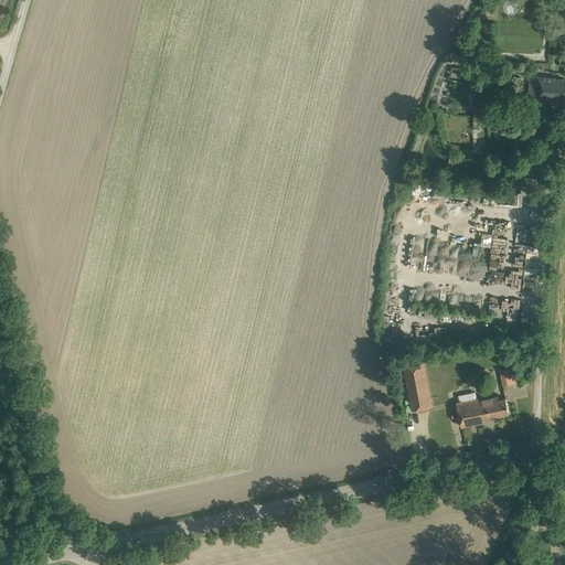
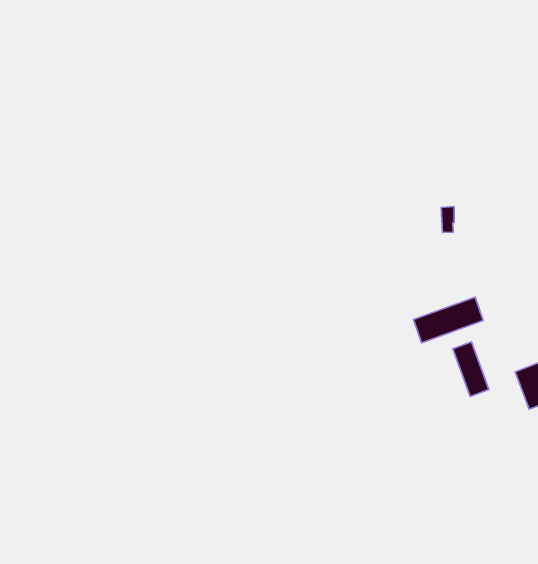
building: none -> [413,297,483,343]

